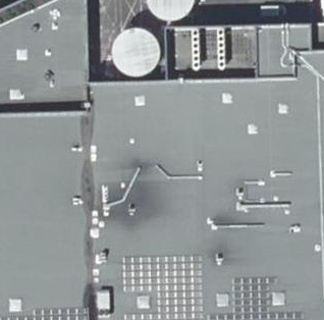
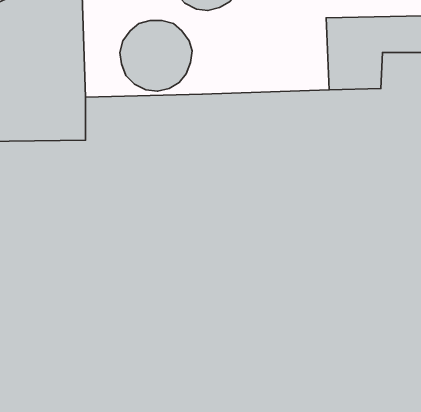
building: [167,26,258,81] -> none

